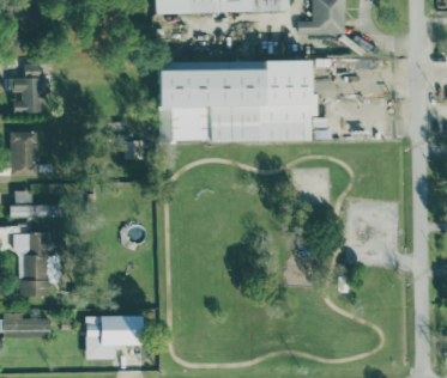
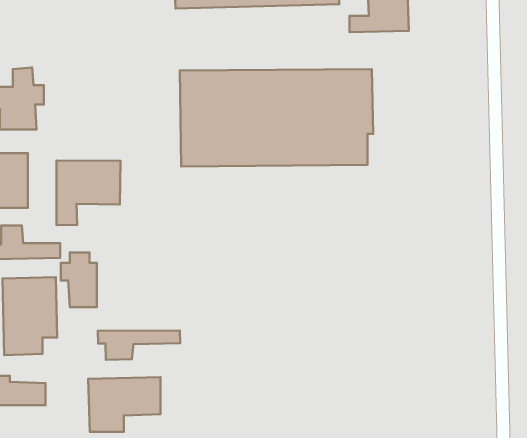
building: none -> [56,161,120,225]
building: none -> [61,253,97,307]
building: none -> [98,330,180,360]

